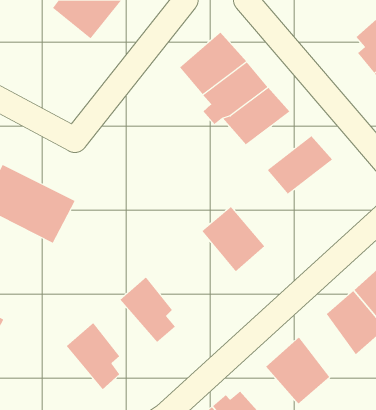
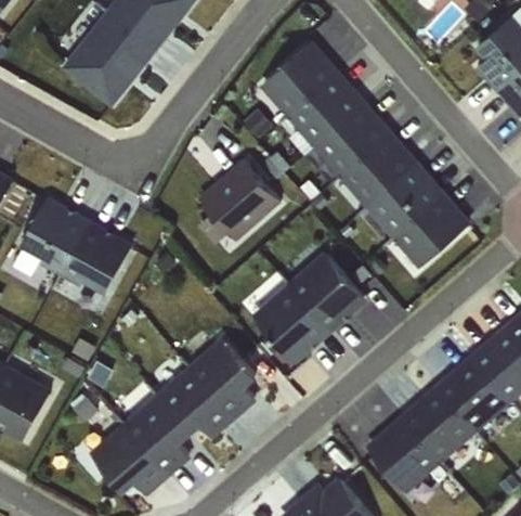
building: none -> [63,12,154,104]
building: none -> [341,138,421,209]
building: none -> [201,164,283,244]
building: none -> [392,196,469,268]
building: none -> [252,283,329,363]
building: none -> [157,366,234,437]
building: none -> [406,384,474,460]
building: none -> [90,423,168,493]

